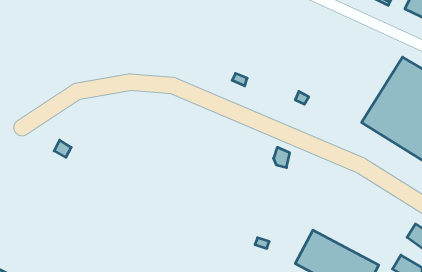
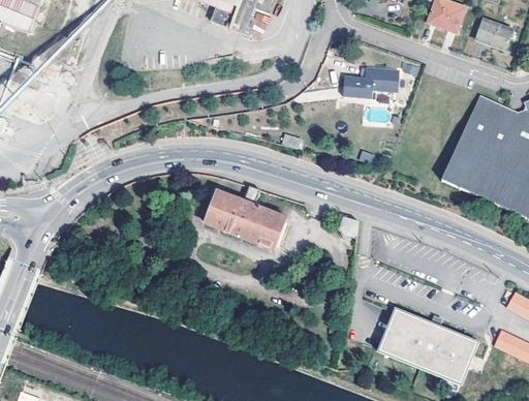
building: none -> [344,66,399,97]
building: none -> [206,186,287,250]

